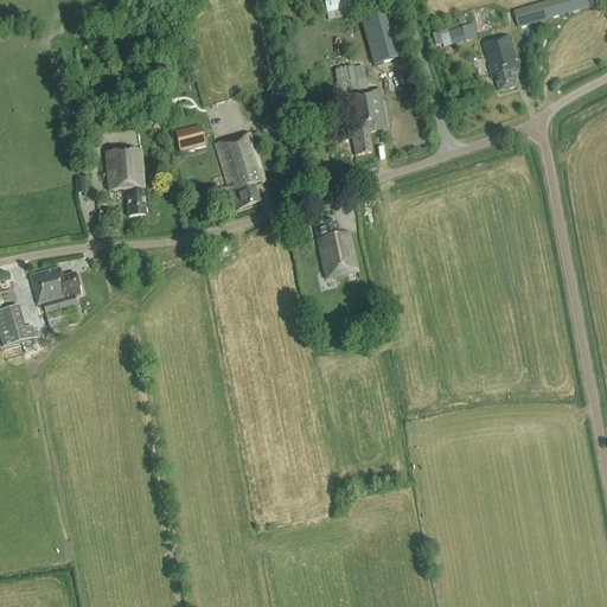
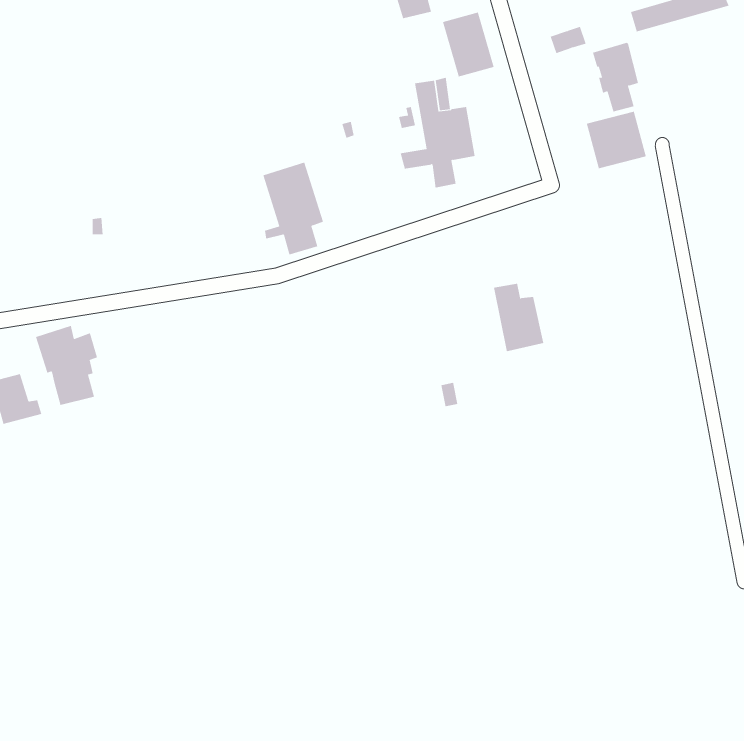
building: none -> [586,111,646,169]
building: [172,123,204,149] -> none
building: [104,148,145,215] -> none
building: [314,221,356,276] -> [493,283,544,352]

